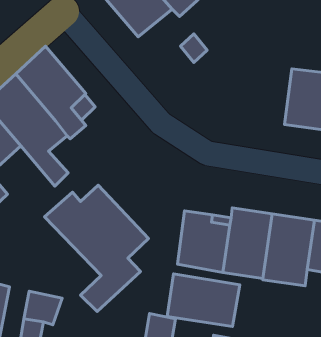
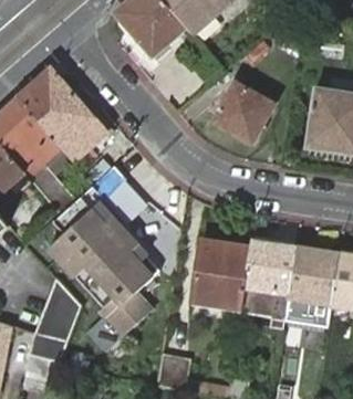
building: none -> [212,82,272,143]
building: none -> [32,280,79,336]
building: [167,274,240,327] -> none

